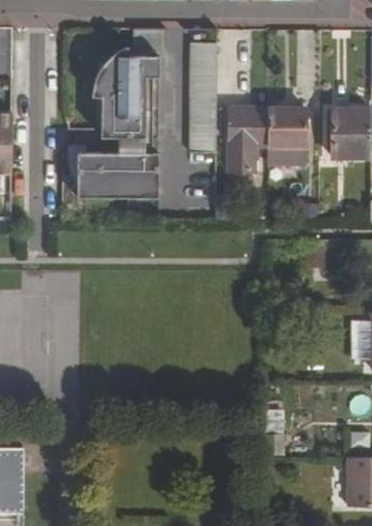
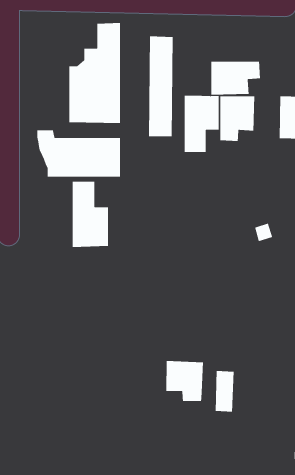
building: none -> [210,61,261,95]
building: none -> [72,181,109,248]
building: none -> [166,360,204,402]

